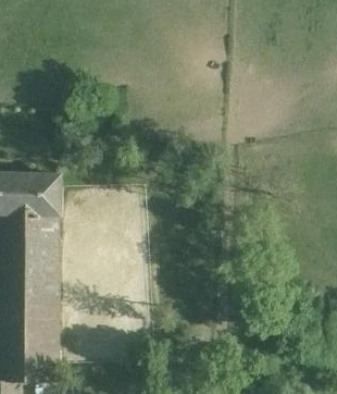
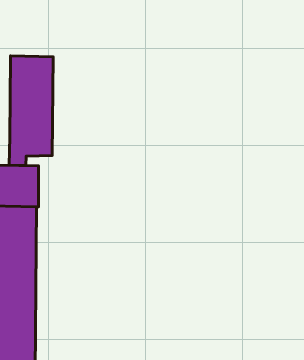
building: none -> [9,56,53,166]

